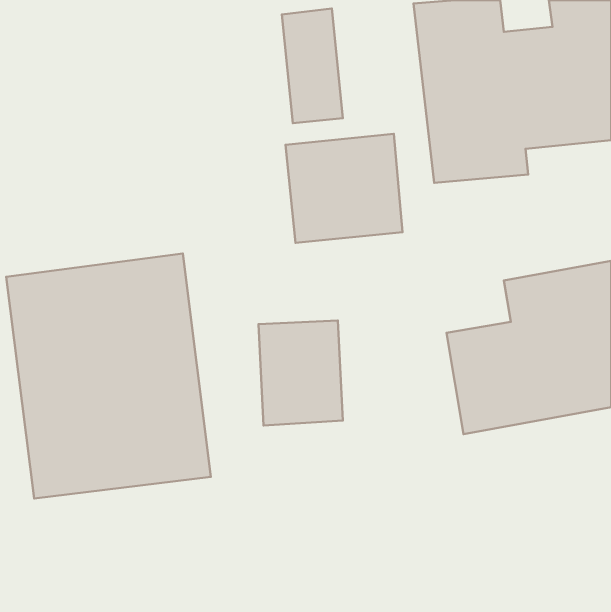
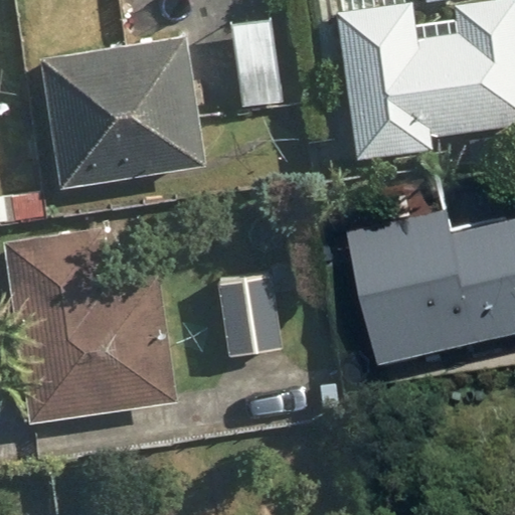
building: none -> [41,36,205,187]
building: [285,134,402,243] -> none

